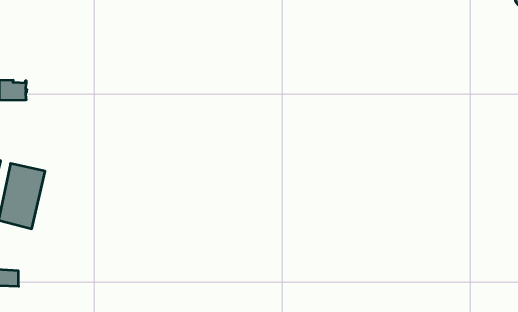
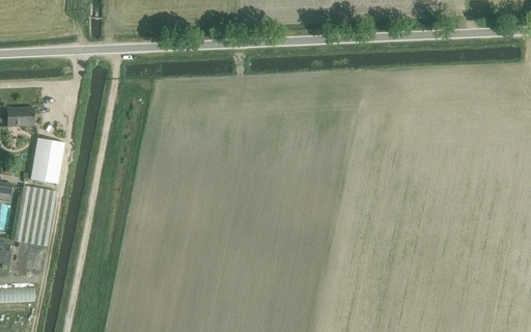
building: none -> [30,137,64,184]

